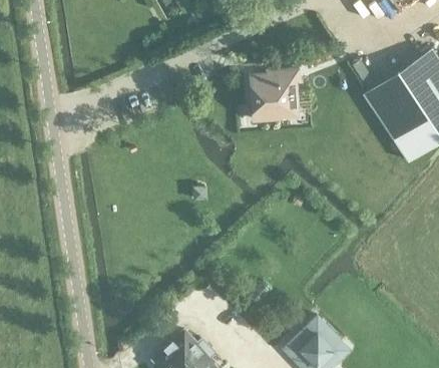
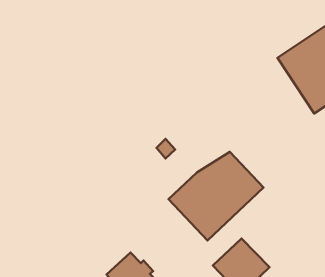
building: [250,69,299,120] -> none
building: none -> [168,152,264,240]

